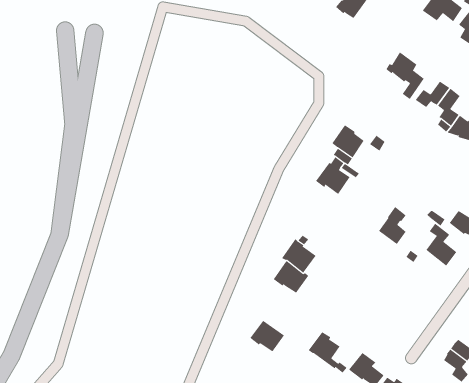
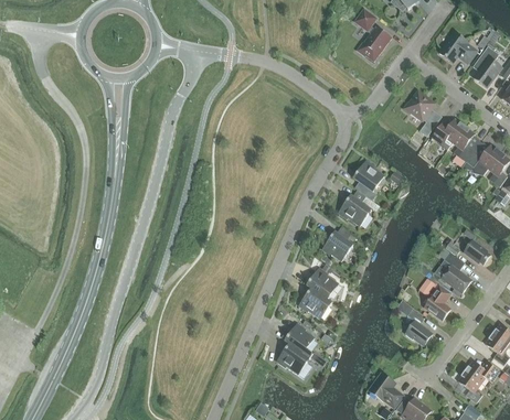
building: none -> [322,225,353,260]
building: [378,206,406,245] -> [424,283,450,320]
building: none -> [405,308,433,344]
building: [308,331,348,374] -> [284,322,321,362]

